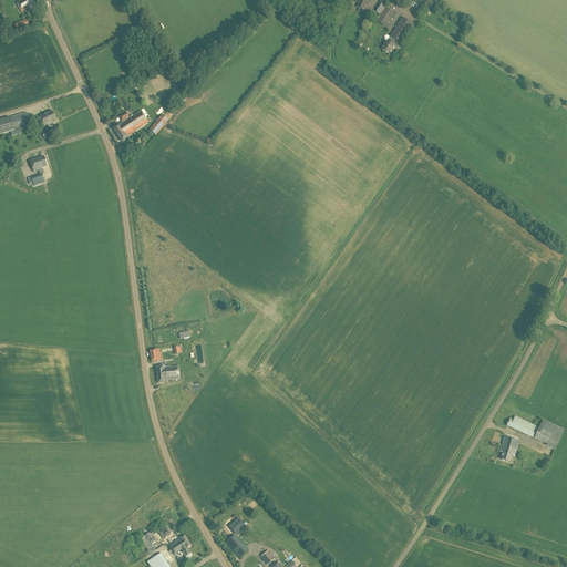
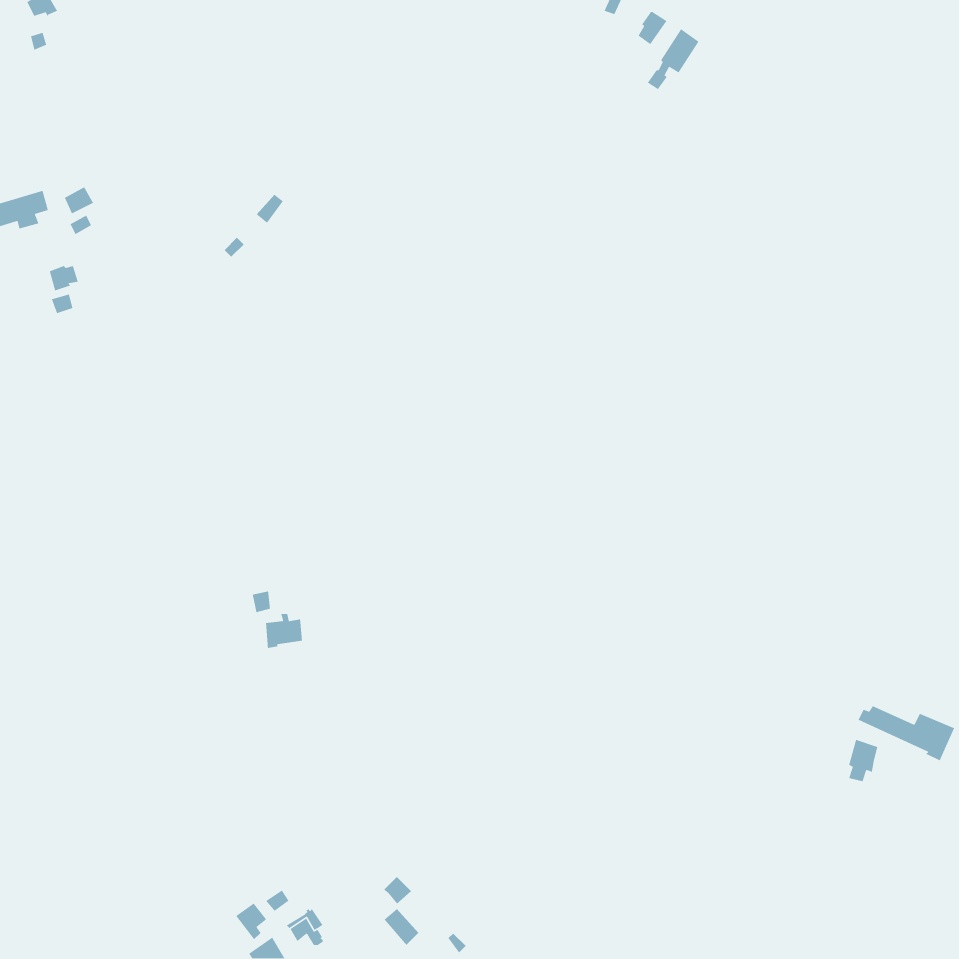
building: [112,110,147,141] -> none

